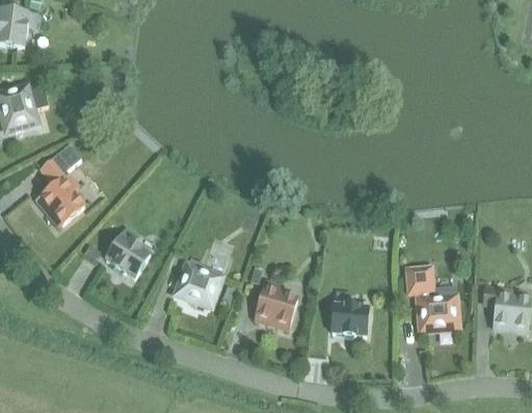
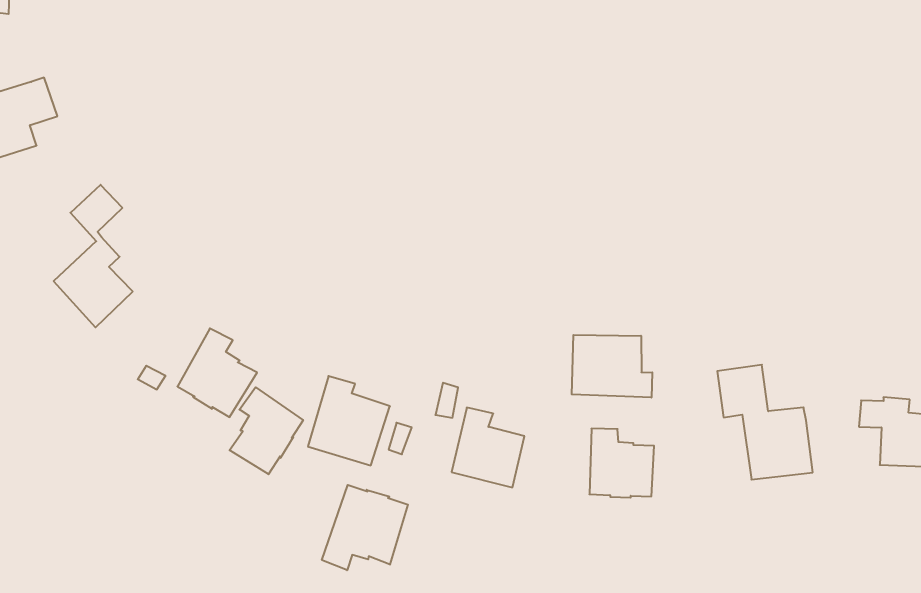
building: none -> [572,335,652,398]
building: none -> [230,387,303,474]
building: none -> [322,485,408,570]

